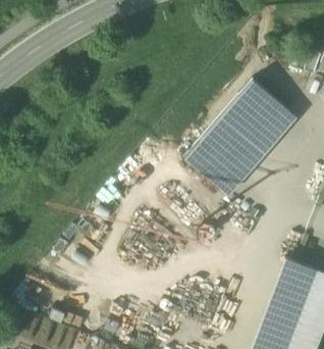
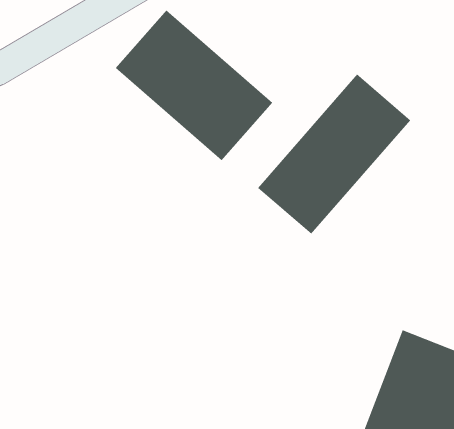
building: none -> [115,10,273,161]

